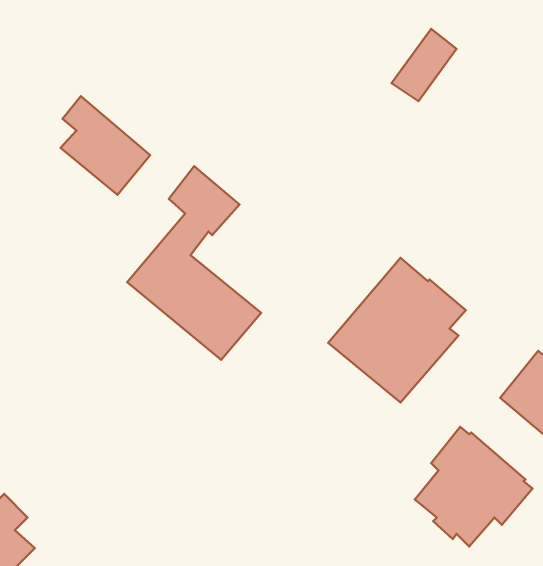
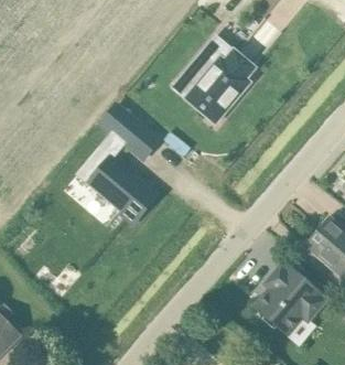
building: [61,96,150,195] -> none
building: [328,258,466,403] -> [173,39,257,127]

